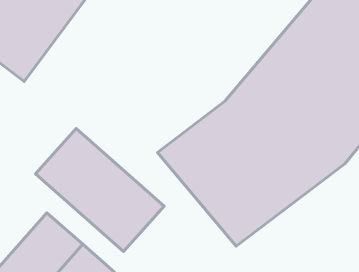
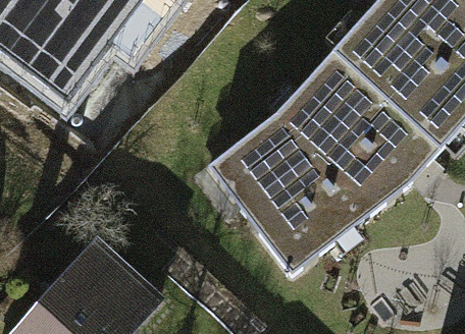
building: [35,128,164,252] -> none

